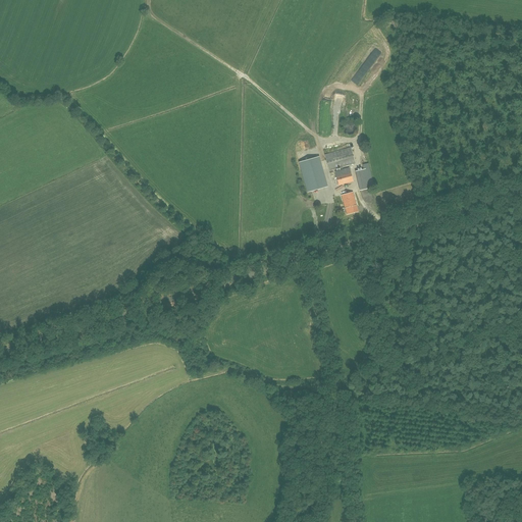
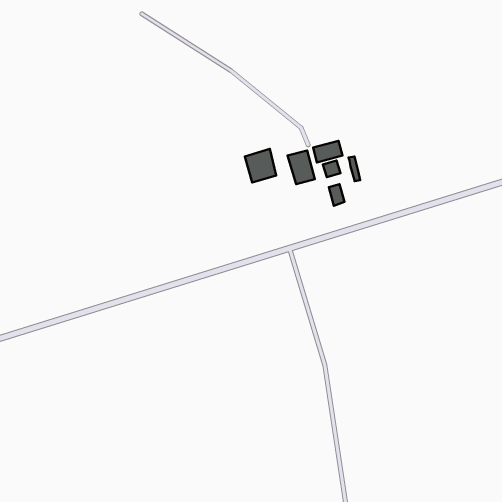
building: none -> [245,149,276,182]

